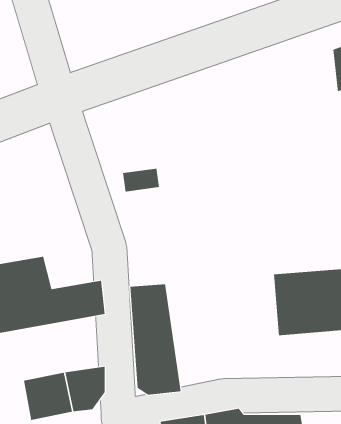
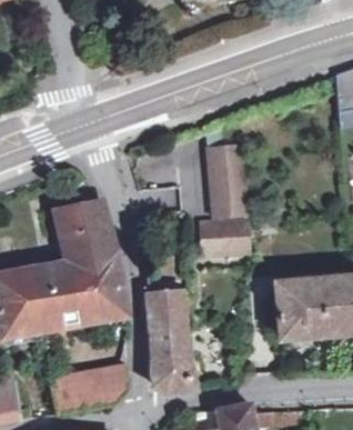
building: none -> [210,144,248,214]
building: none -> [57,202,122,293]
building: none -> [201,218,250,253]

